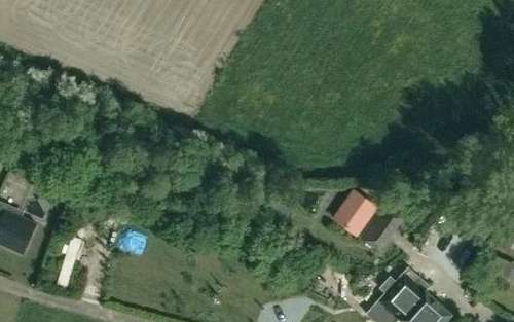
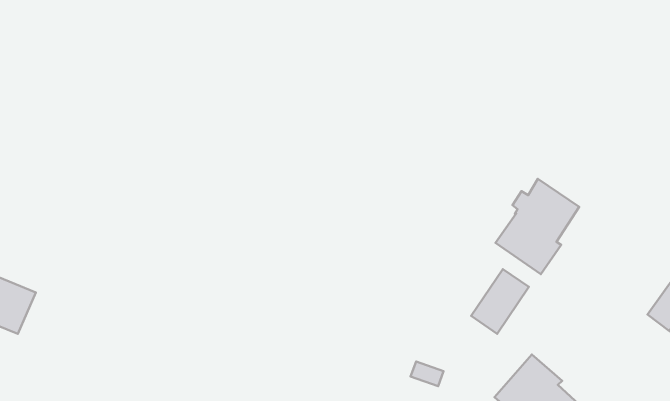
building: none -> [496,179,579,274]
building: [335,193,373,235] -> none

